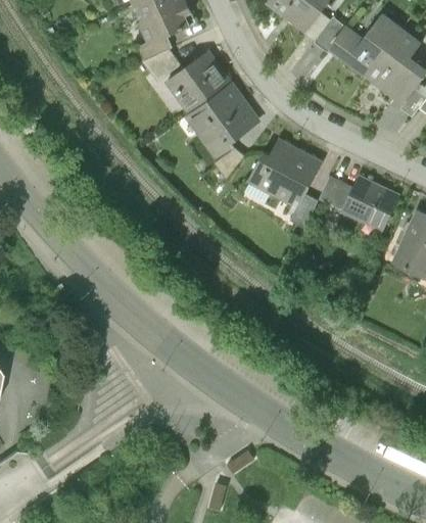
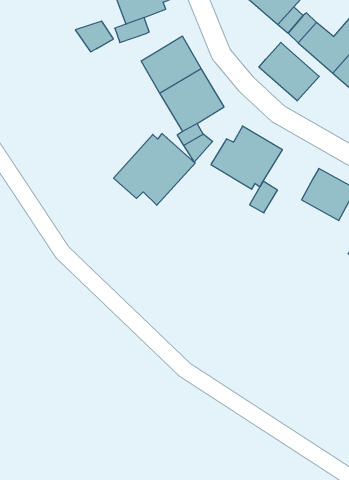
building: none -> [259,42,319,101]
building: [142,50,182,83] -> [75,21,113,52]
building: none -> [114,134,195,205]
building: [318,176,351,209] -> none

